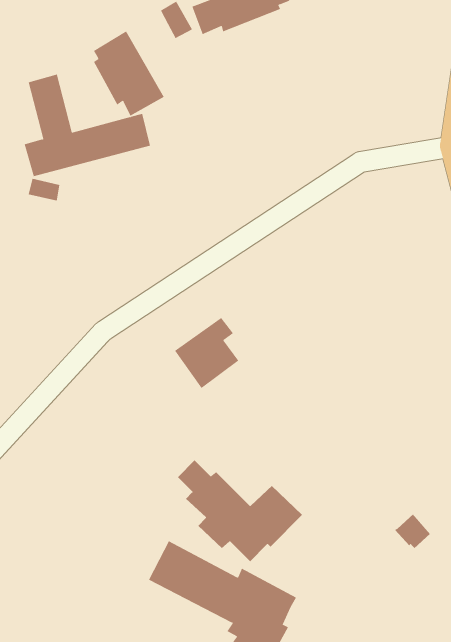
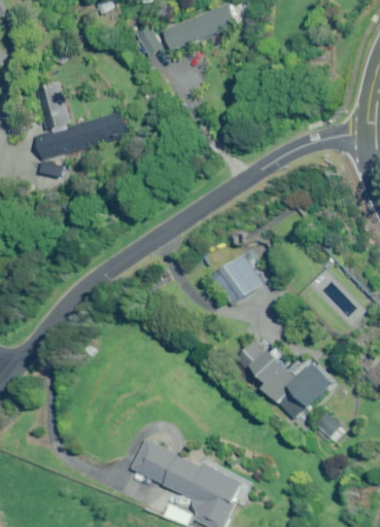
building: [93,30,164,117] -> none
building: [174,317,239,389] -> [213,250,263,305]
building: [177,459,303,562] -> [239,340,335,418]

